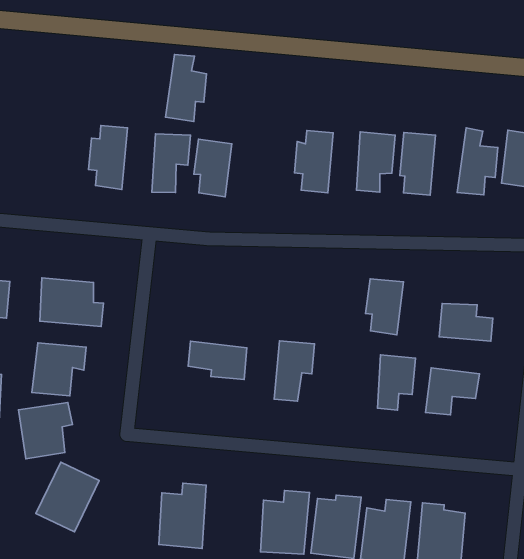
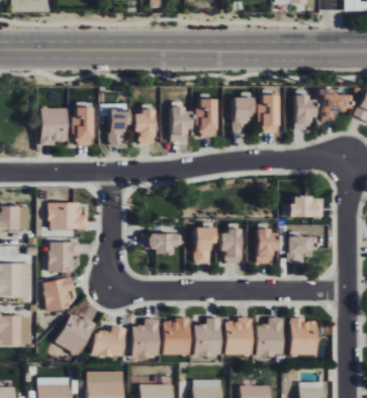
building: [166,54,206,121] -> [169,102,191,141]
building: none -> [40,108,68,145]
building: [365,279,403,335] -> [220,231,242,264]
building: none -> [164,318,191,356]
building: none -> [93,327,125,357]

